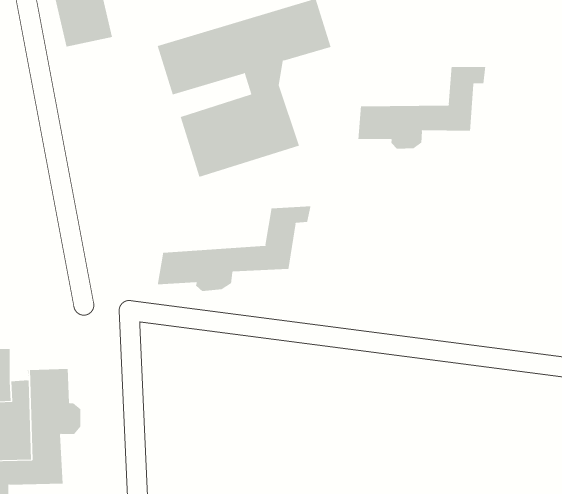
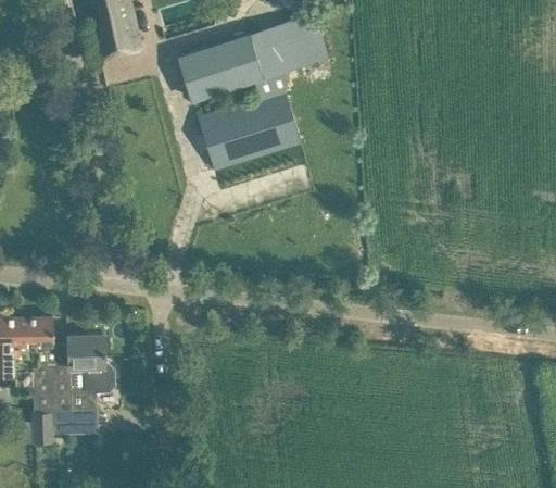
building: [358,66,486,149] -> none
building: [157,205,311,292] -> none

